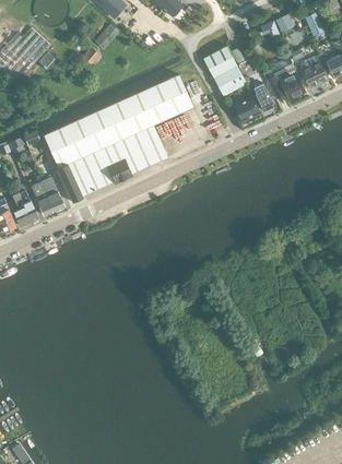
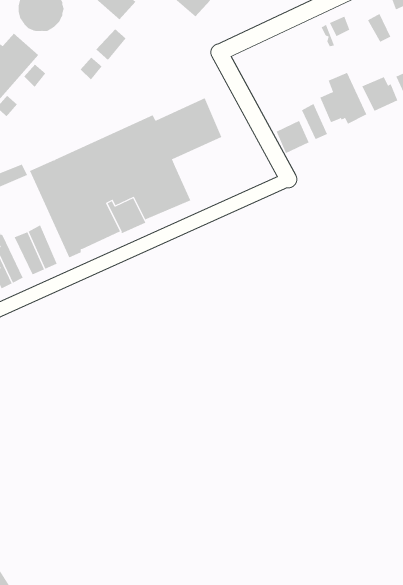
building: [203,46,247,96] -> none

